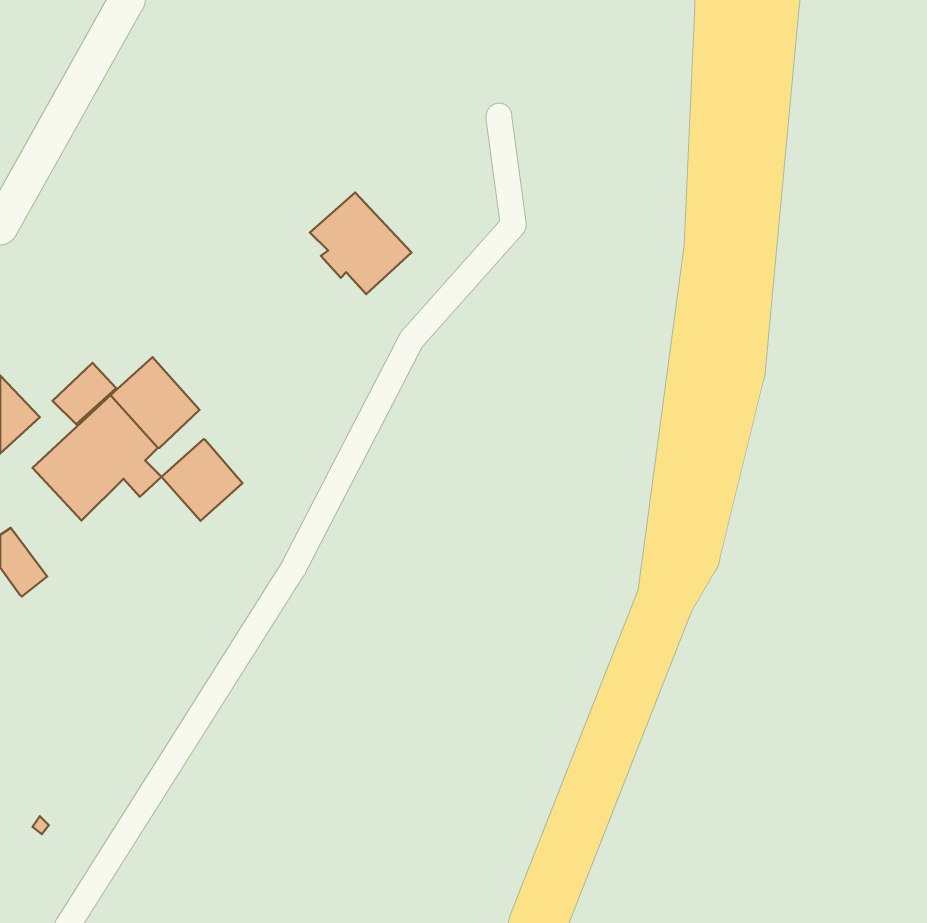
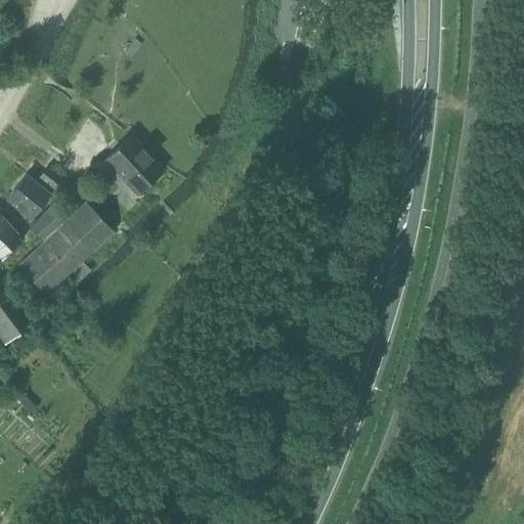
building: [310,193,412,294] -> [105,138,163,195]
building: none -> [7,169,63,219]
building: [161,439,242,521] -> none

